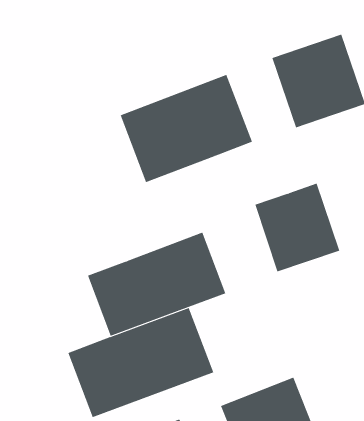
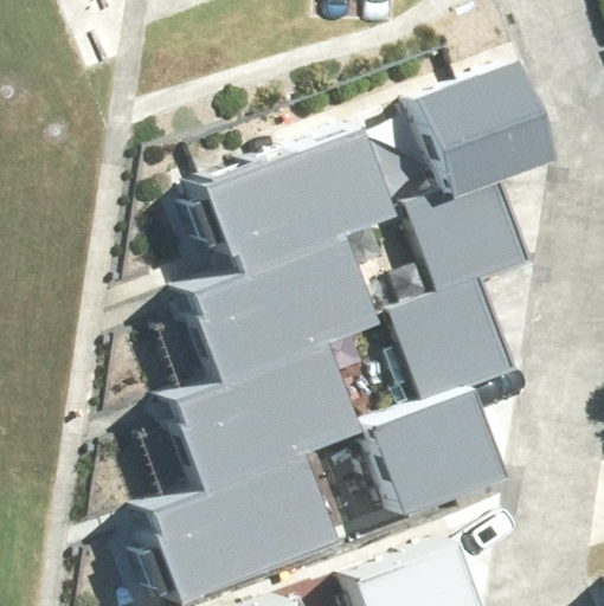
building: none -> [416,182,531,290]
building: none -> [186,239,374,383]
building: none -> [368,385,503,517]

